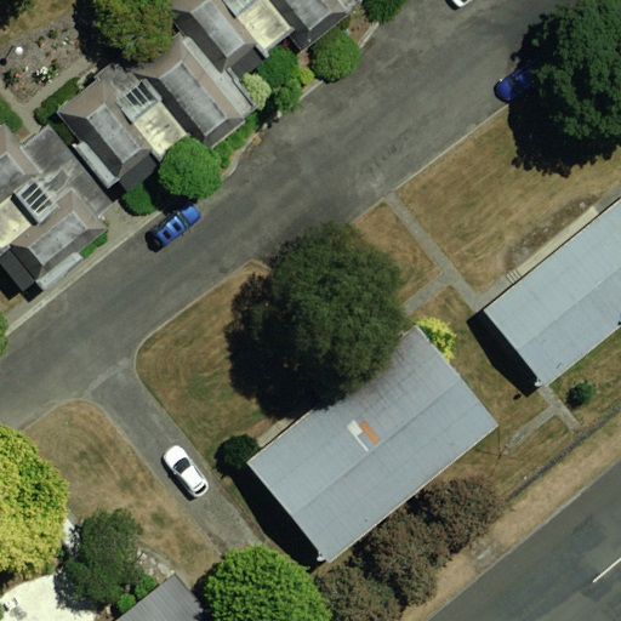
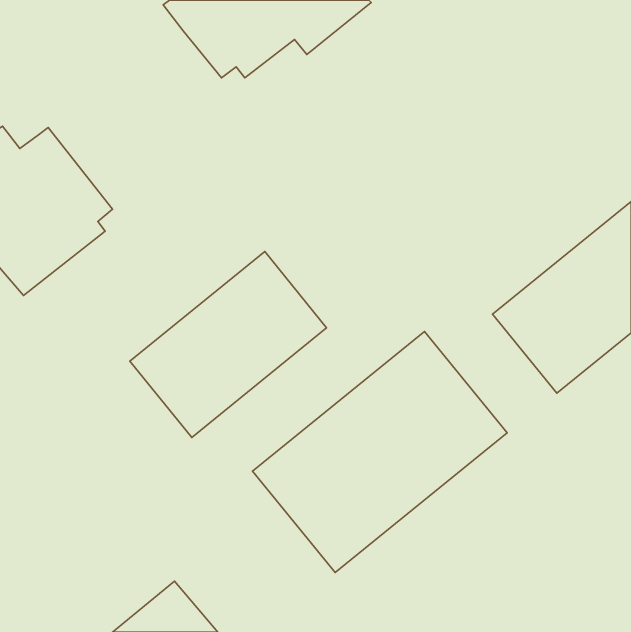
building: [57,30,258,190] -> none
building: none -> [130,251,327,437]

